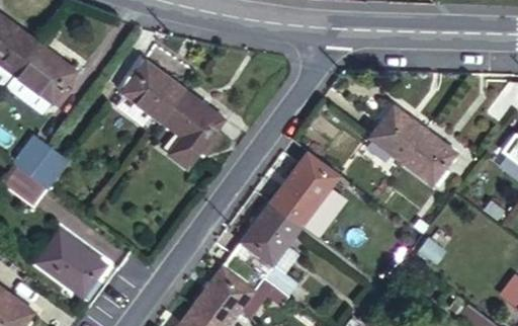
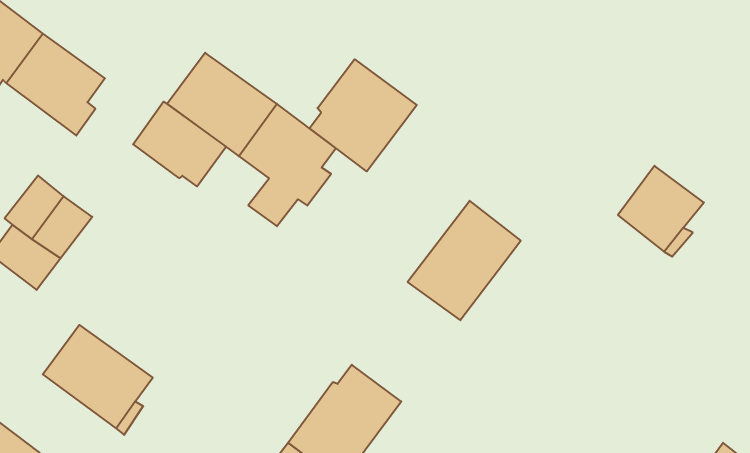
building: none -> [309,59,417,171]
building: none -> [133,102,226,186]
building: [370,105,425,160] -> none
building: [233,202,301,298] -> none

